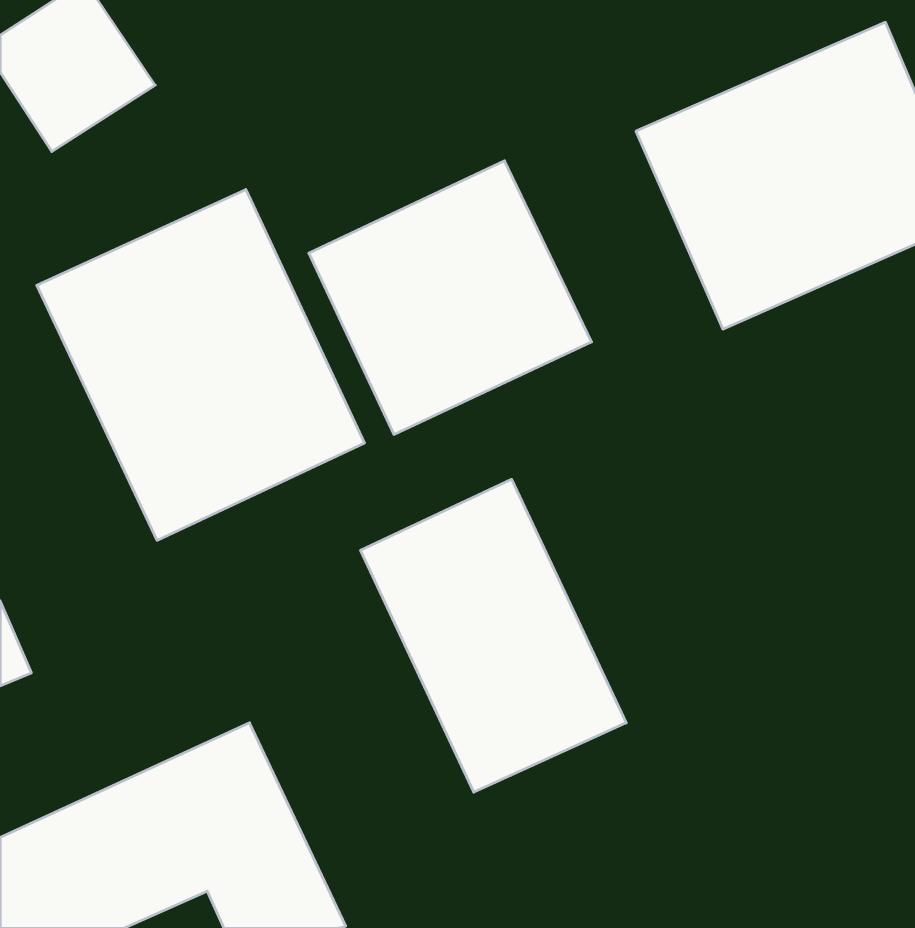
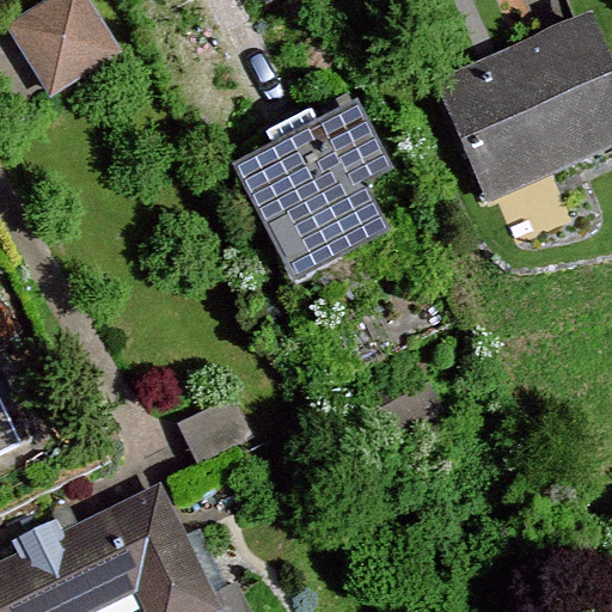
building: [37,189,364,540] -> none
building: [361,479,626,792] -> none

